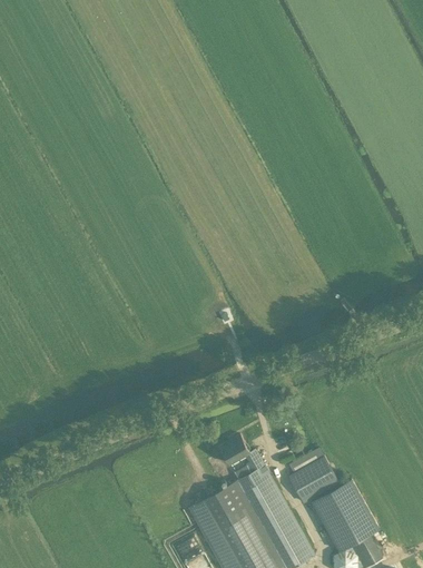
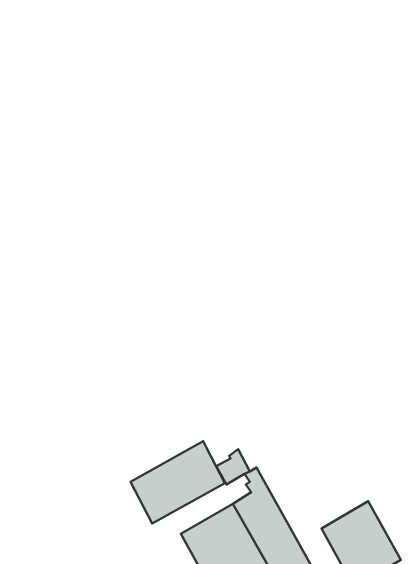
building: none -> [130,441,225,524]
building: [287,458,338,505] -> none

